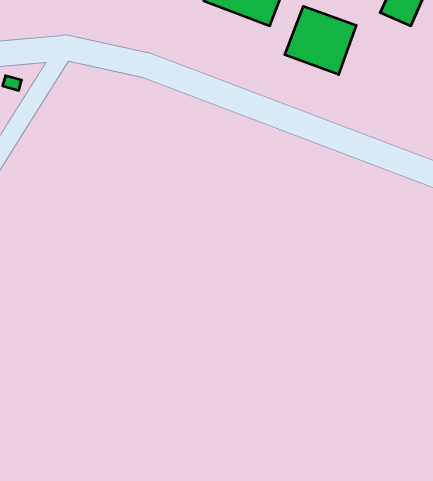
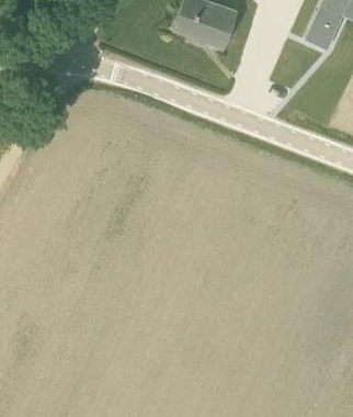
building: [285,6,356,75] -> none

